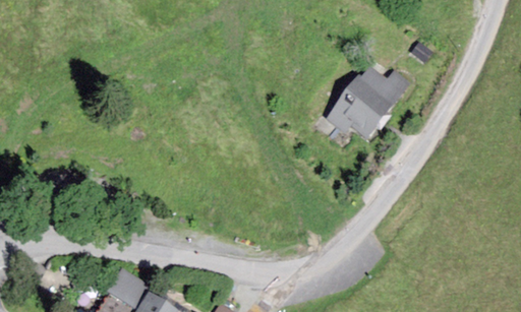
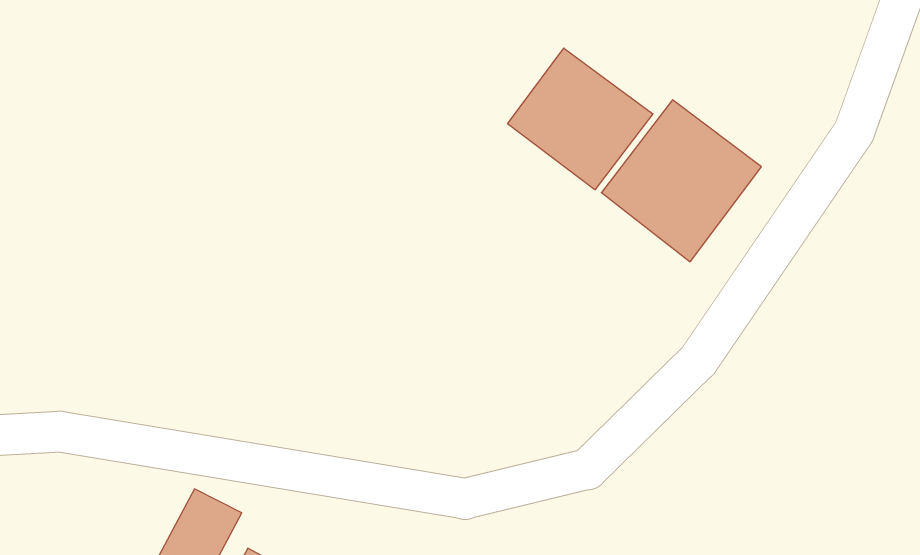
building: none -> [508,48,653,190]

